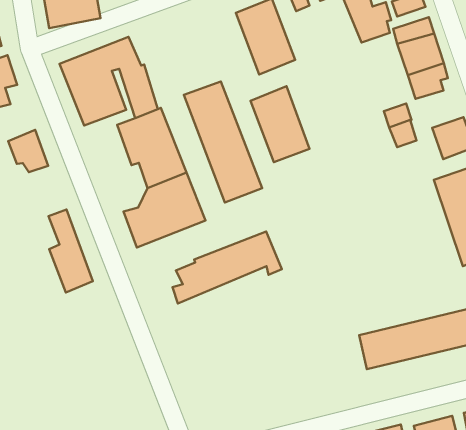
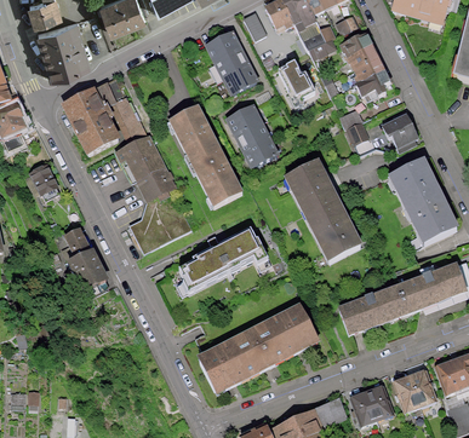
building: none -> [279,62,313,100]
building: none -> [282,161,362,264]
building: none -> [198,309,319,394]

